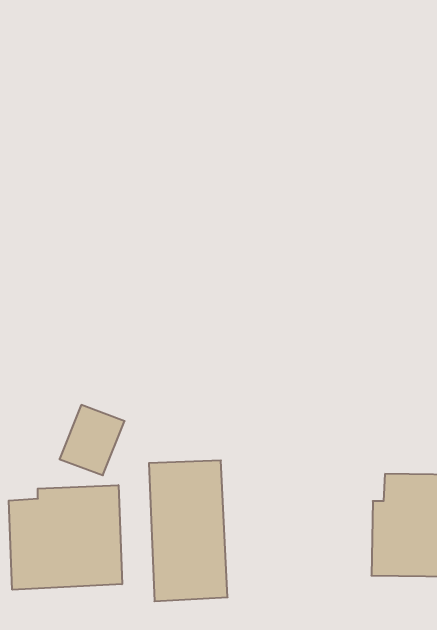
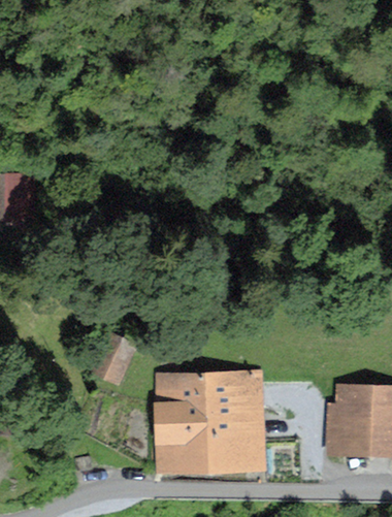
building: none -> [208,368,268,476]
building: [9,485,122,590] -> none

